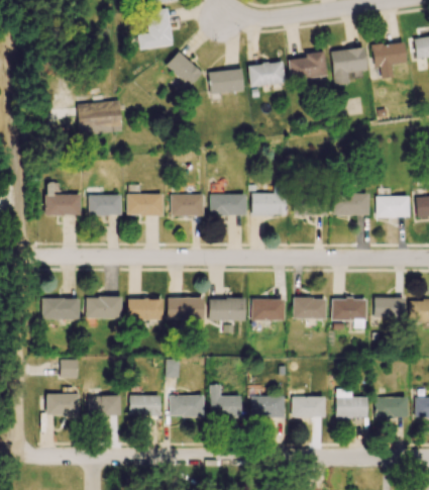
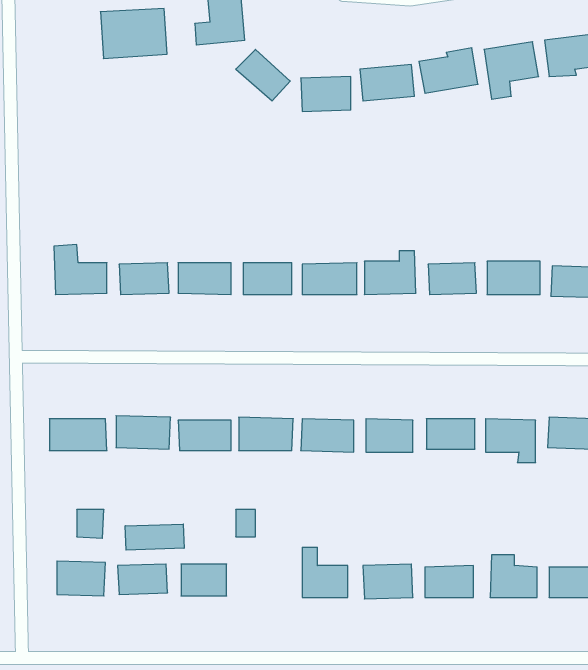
building: [79,101,123,134] -> [100,9,167,59]
building: none -> [125,524,184,550]
building: [172,395,205,416] -> none

